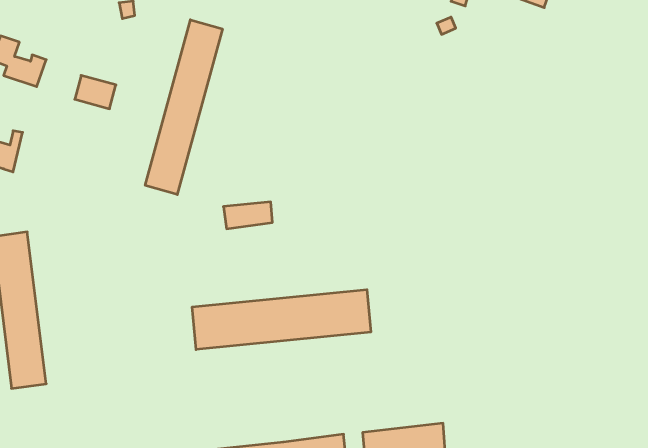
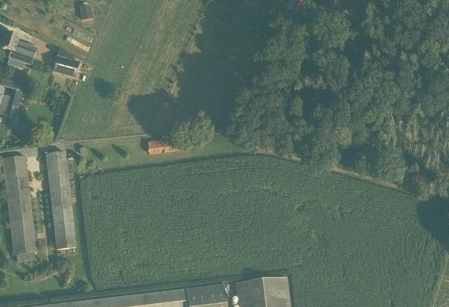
building: [145,20,222,195] -> none
building: none -> [46,153,76,250]
building: [192,290,371,350] -> none

